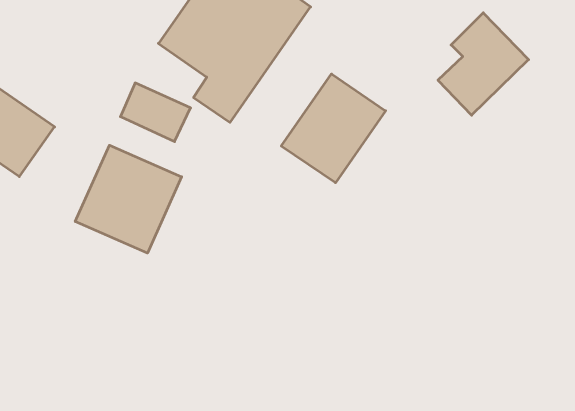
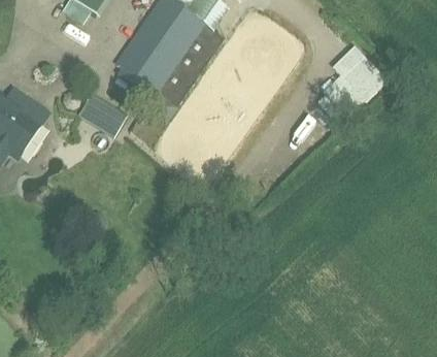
building: [281,74,386,183] -> none
building: [75,145,182,253] -> none

